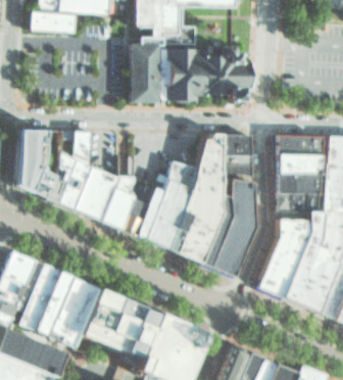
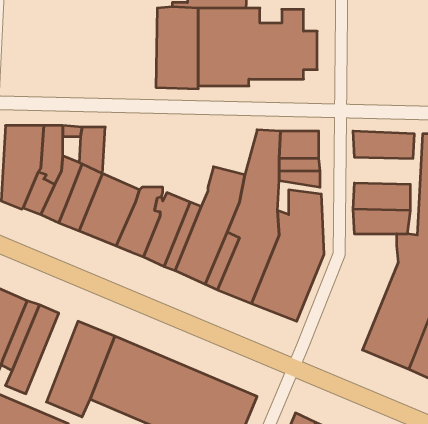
building: [279,154,323,175] -> none
building: [259,220,311,298] -> none
building: [34,271,72,337] -> none

